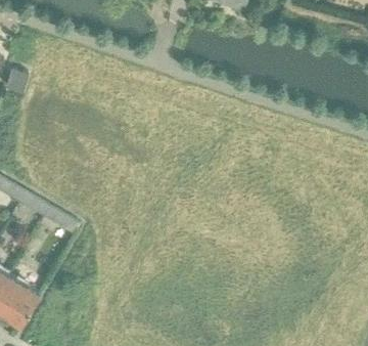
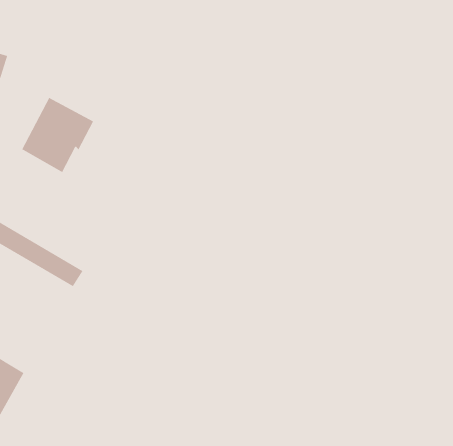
building: none -> [21,97,94,173]

